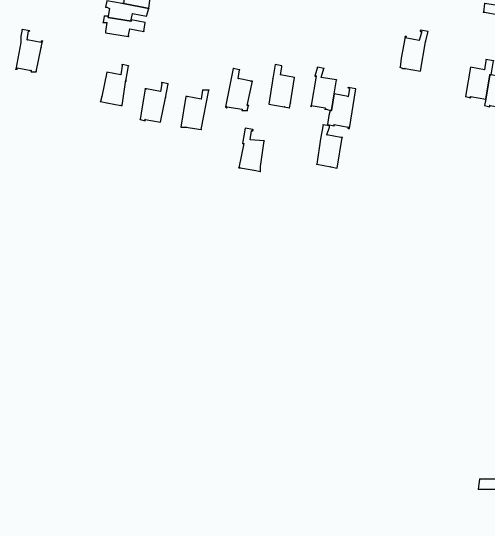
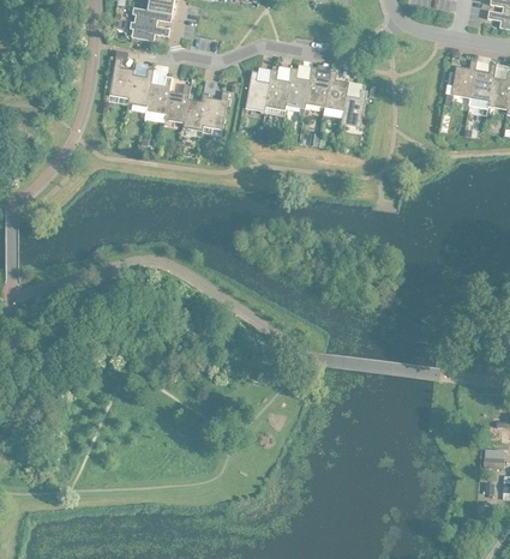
building: [16,30,43,72] -> [109,58,134,97]
building: [400,30,428,71] -> [451,59,478,97]
building: none -> [146,76,173,113]
building: none -> [182,92,209,131]
building: [317,125,342,168] -> [306,66,330,107]
building: [239,128,264,172] -> [265,68,289,109]

